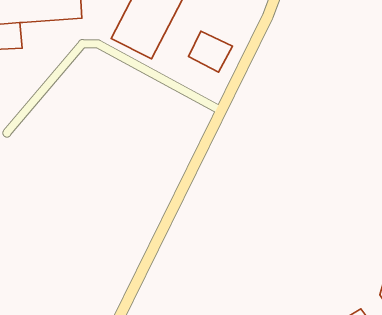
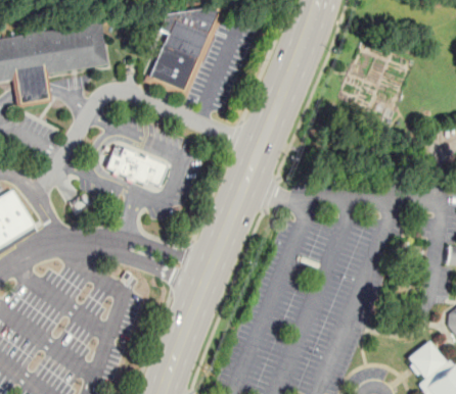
building: [188,31,232,72] -> none
building: none -> [105,146,168,186]

